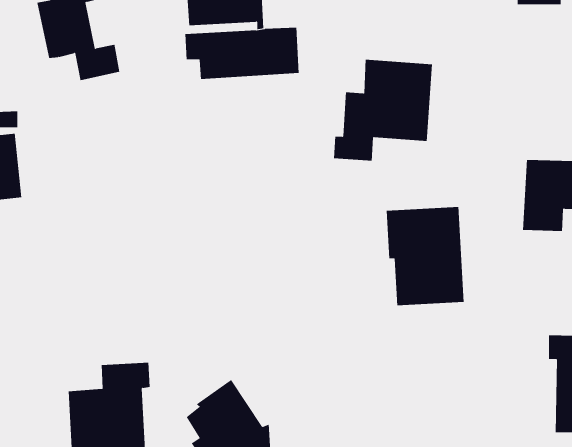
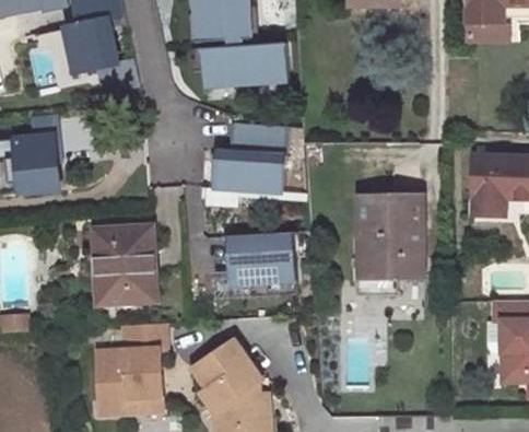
building: [333,59,433,161] -> [204,121,287,207]
building: none -> [94,225,155,302]
building: none -> [213,231,295,296]

